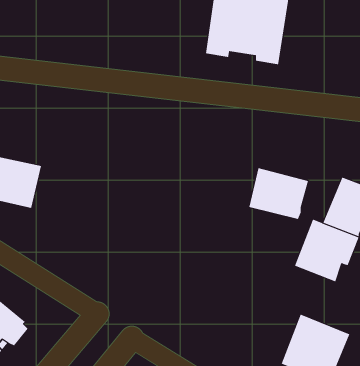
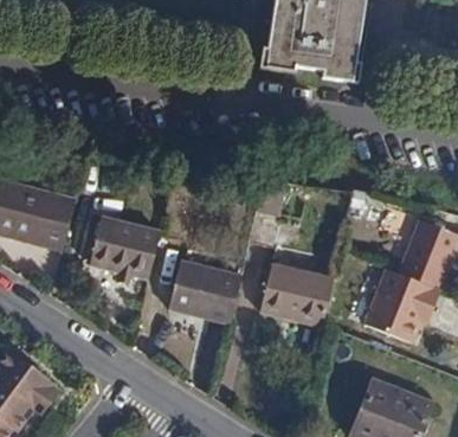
building: [249,167,309,219] -> [263,269,333,329]
building: none -> [88,218,160,281]
building: none -> [170,264,241,326]

